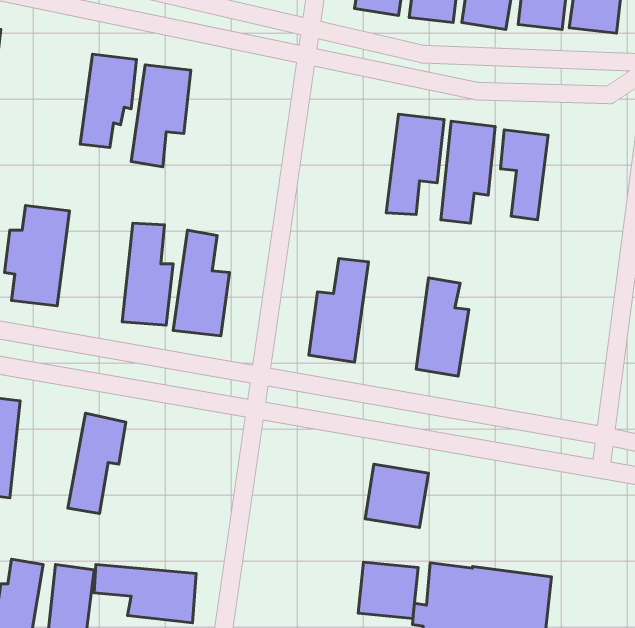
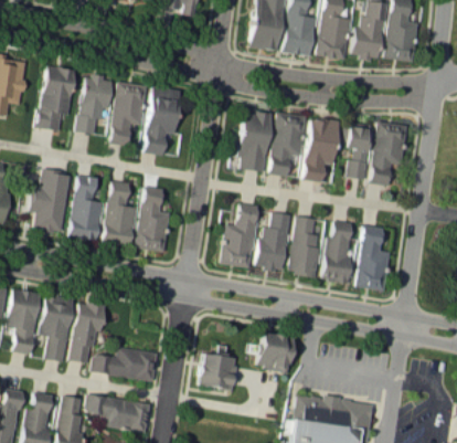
building: none -> [39,66,75,130]
building: none -> [144,86,181,155]
building: none -> [238,109,270,171]
building: none -> [370,122,407,186]
building: none -> [71,176,103,241]
building: none -> [257,212,290,271]
building: none -> [322,221,352,283]
building: none -> [355,225,390,291]
building: none -> [41,295,74,362]
building: none -> [92,347,158,380]
building: [358,562,418,619] -> [199,354,236,389]

